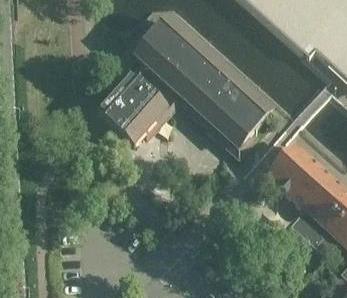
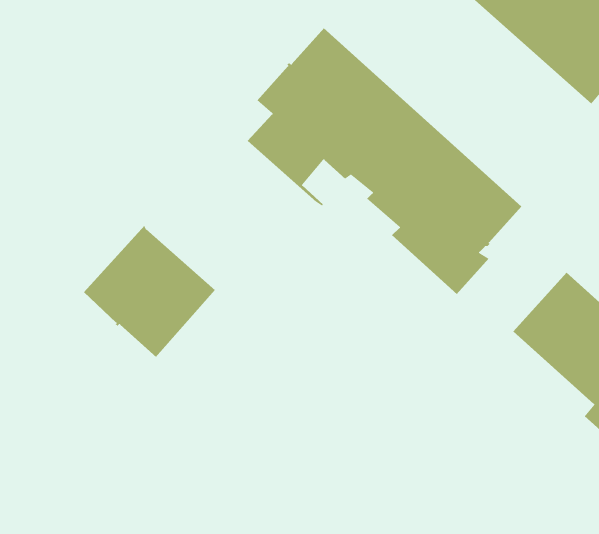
building: [97,75,166,144] -> [83,225,216,358]

